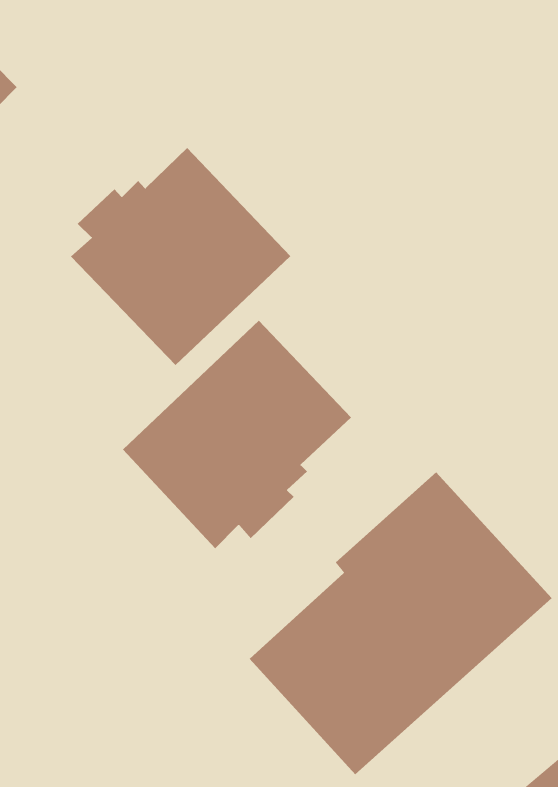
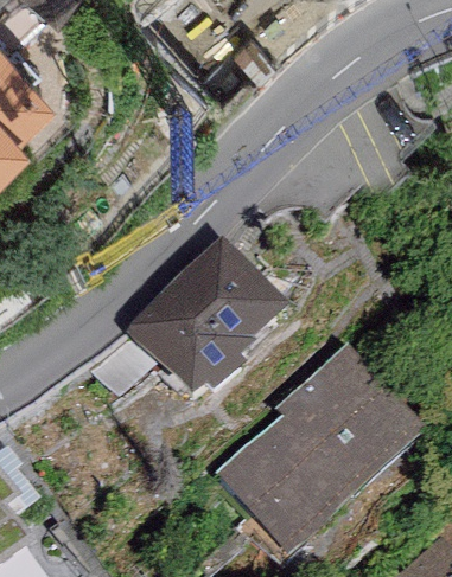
building: [70,147,291,366] -> none

